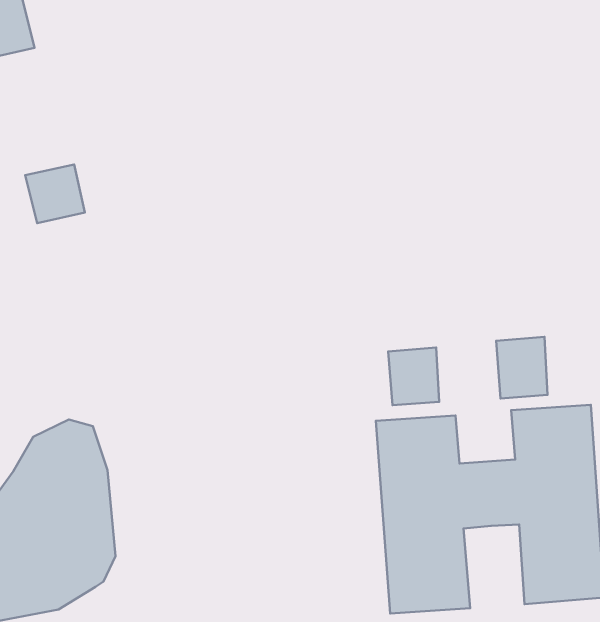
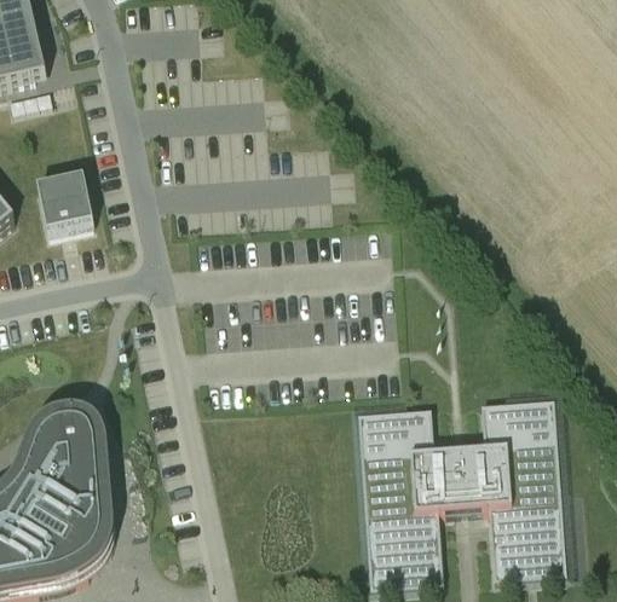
building: [496,337,548,399] -> none
building: [388,348,439,405] -> none

